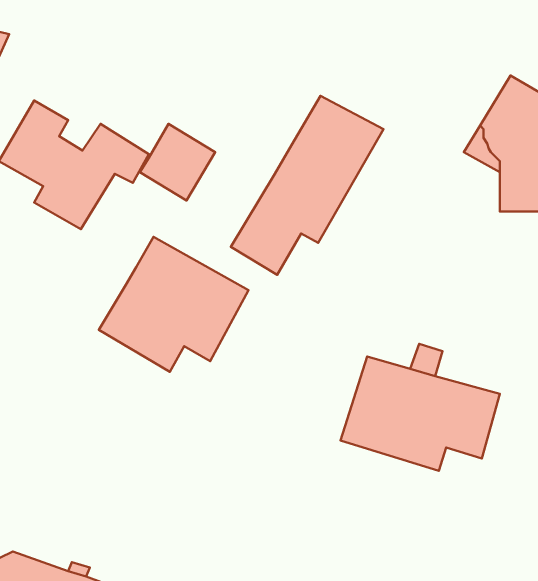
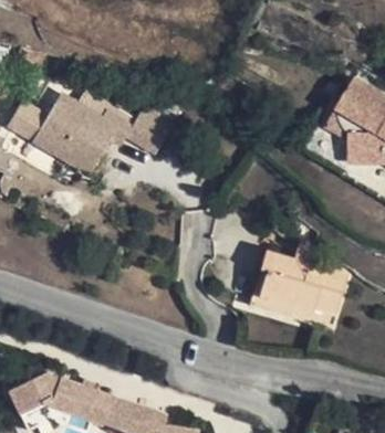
building: [231,96,384,275] -> none
building: [99,237,249,372] -> none

